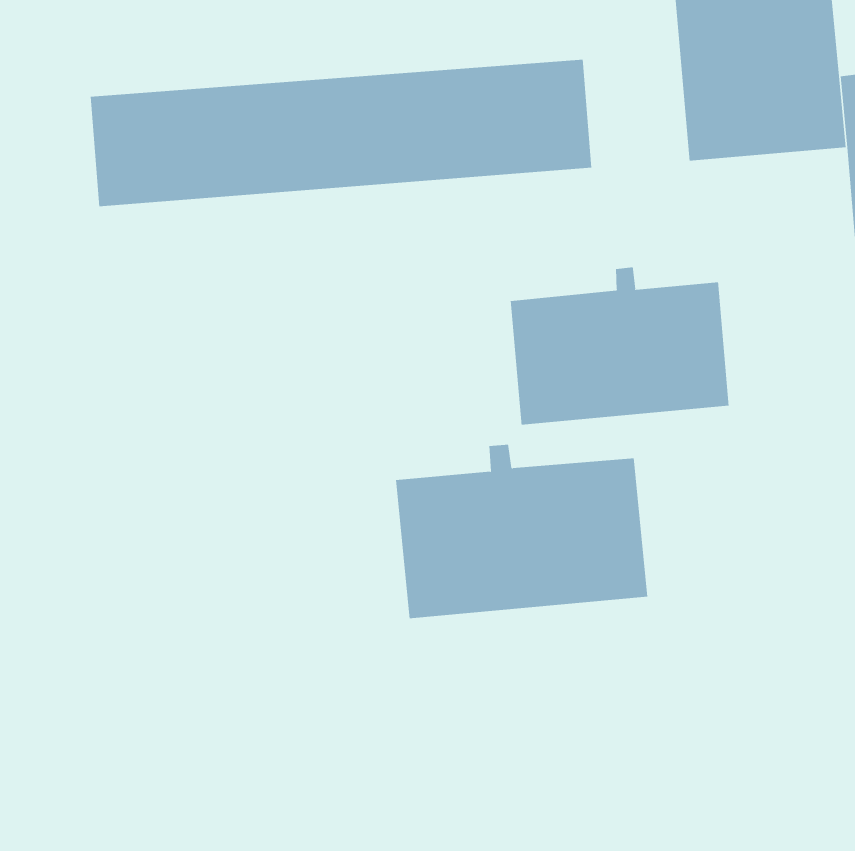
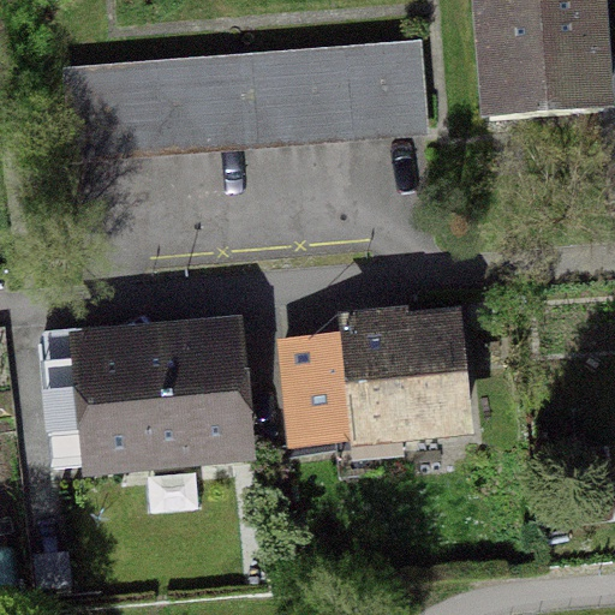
building: [510,267,729,425] -> none
building: none -> [44,336,247,459]

